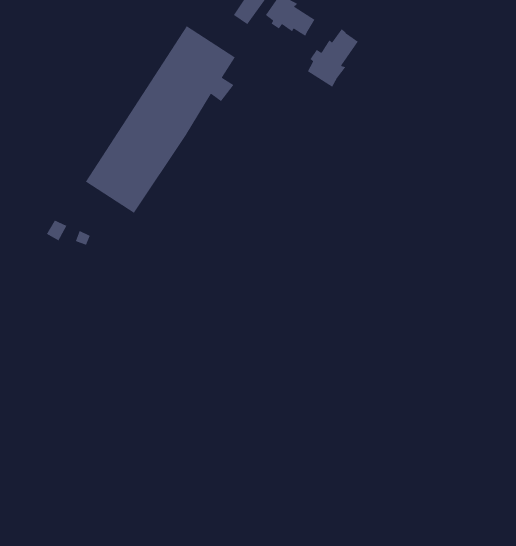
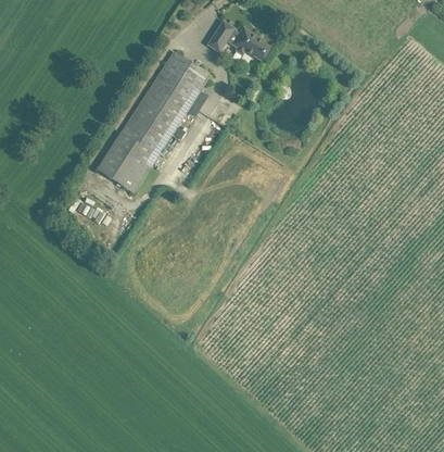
building: [307,28,359,88] -> none

